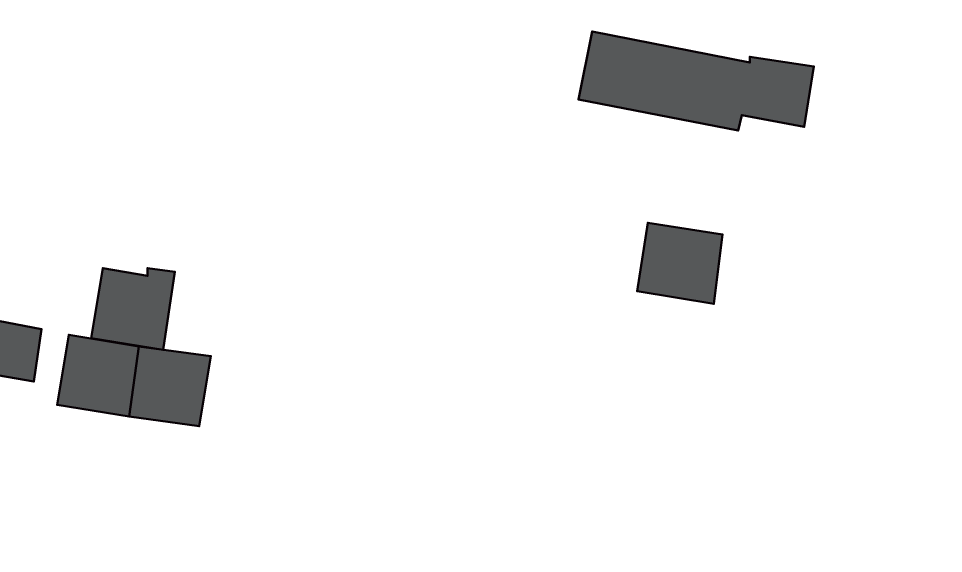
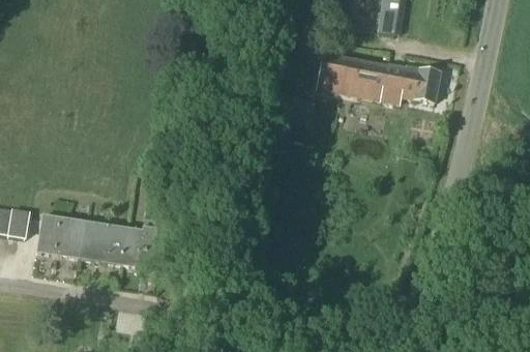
building: [637,223,723,304] -> none
building: [91,268,175,350] -> [113,225,157,268]

